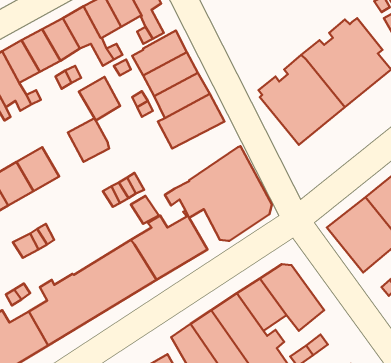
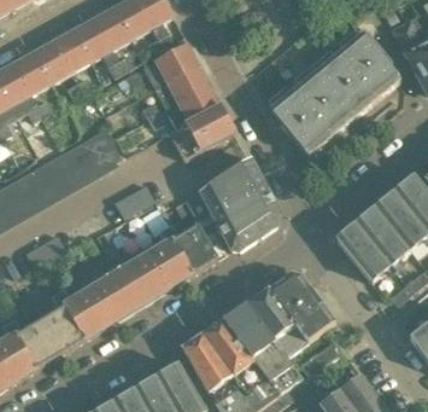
building: [79,77,120,121] -> [54,143,95,186]

